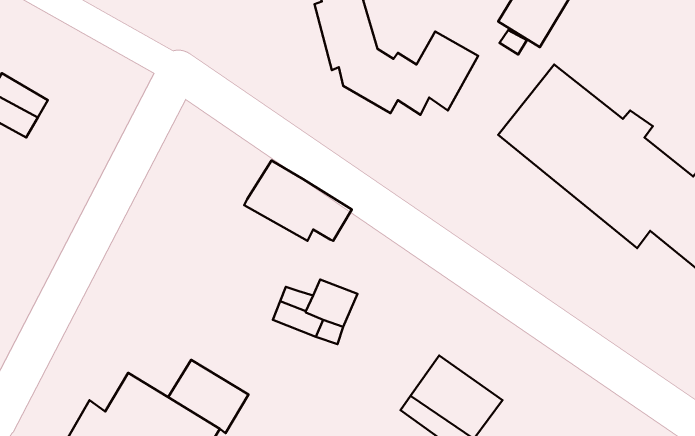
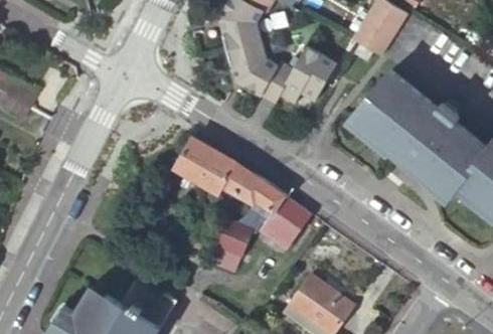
building: none -> [235,171,311,249]

